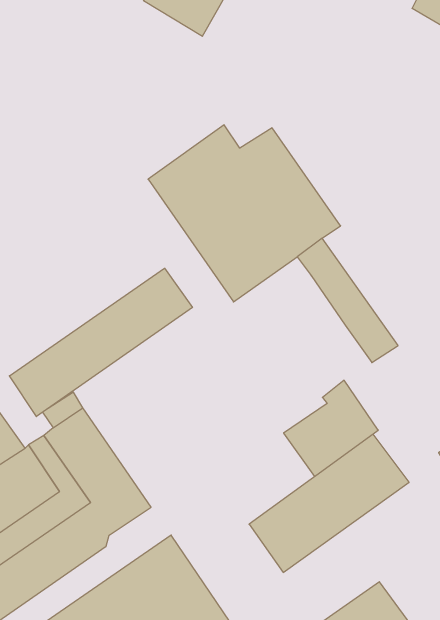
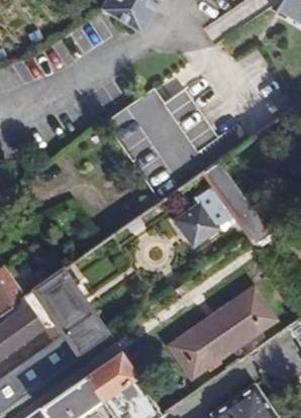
building: [9,268,192,417] -> none
building: [284,380,378,477] -> [172,184,233,246]

